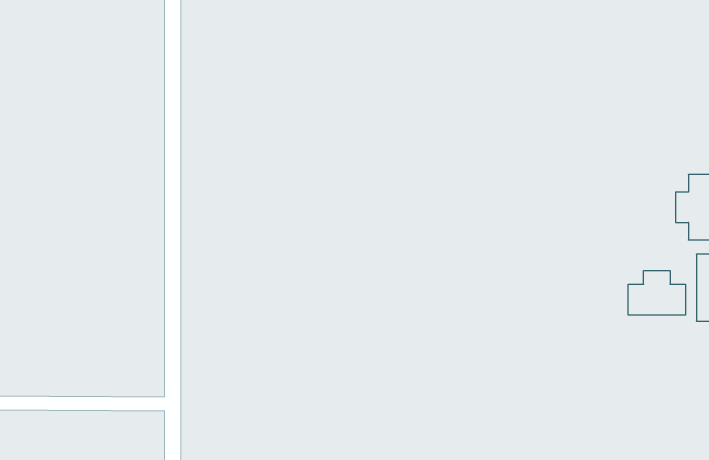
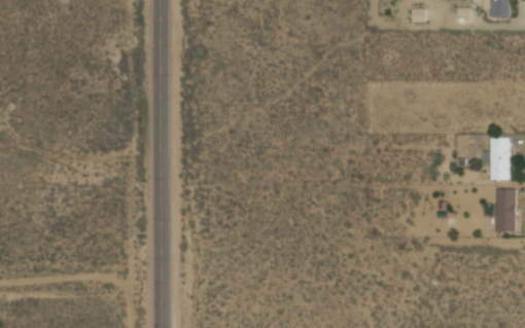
building: [628,271,685,315] -> none

